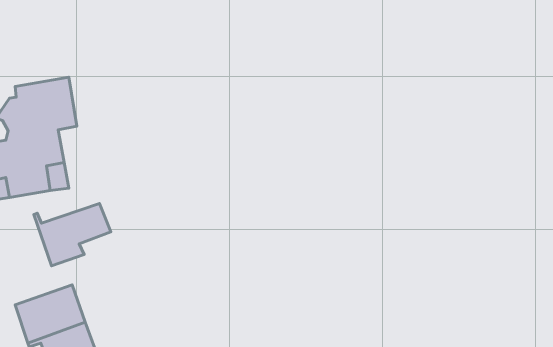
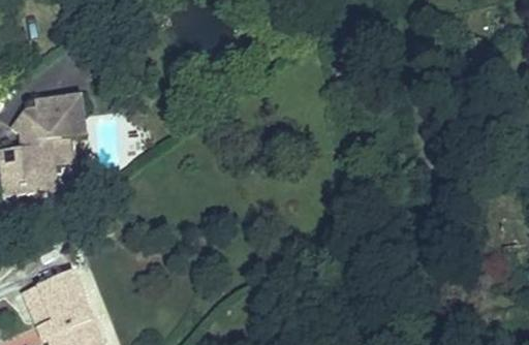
building: [34,203,111,266] -> none

